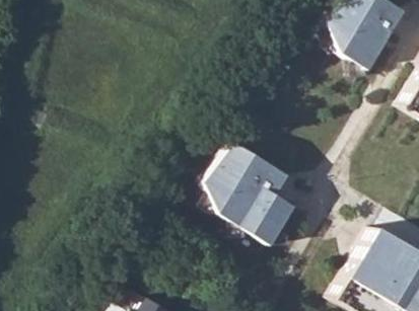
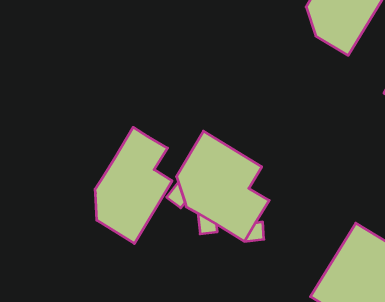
building: none -> [95,127,172,244]

